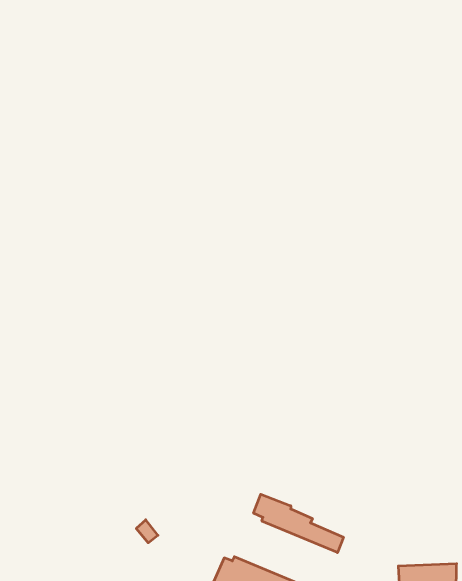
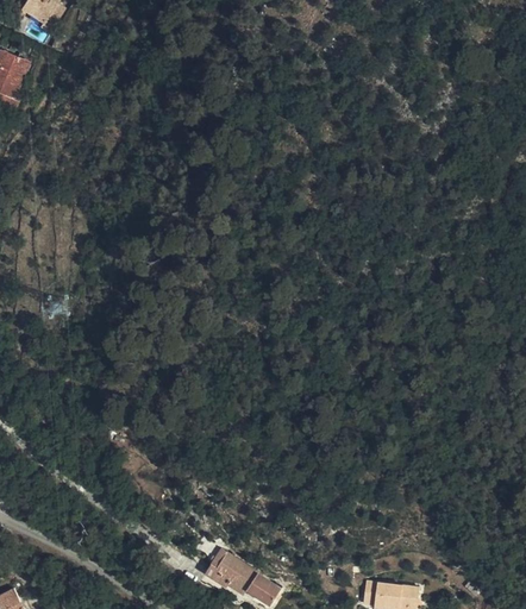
building: [254,494,343,553] -> none

